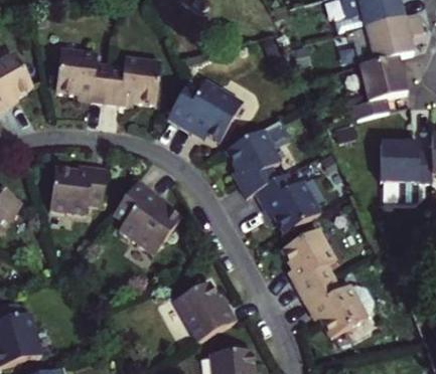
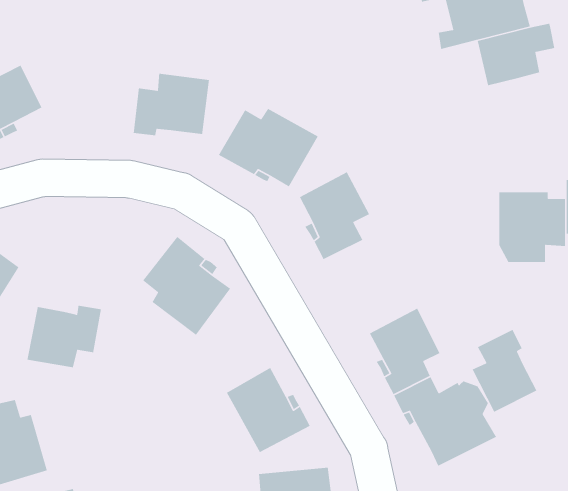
building: [58,49,111,102] -> none
building: [352,60,406,123] -> none
building: [49,165,106,212] -> [26,305,102,368]
building: [259,176,323,234] -> none
building: none -> [471,329,537,413]

